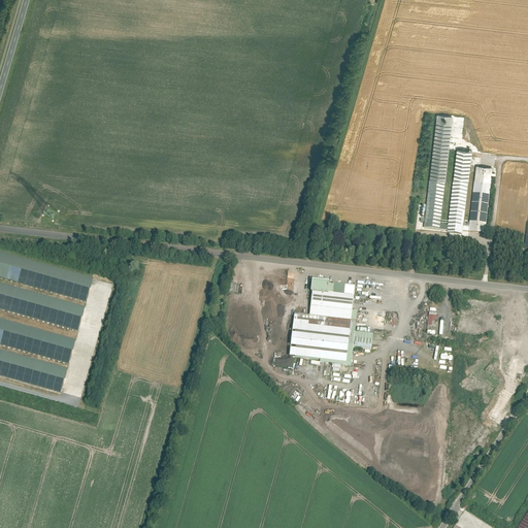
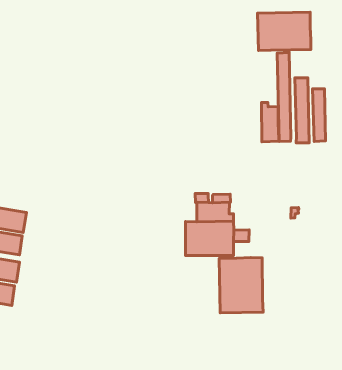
building: none -> [258,12,311,51]
building: none -> [261,102,279,142]
building: none -> [219,258,263,313]

